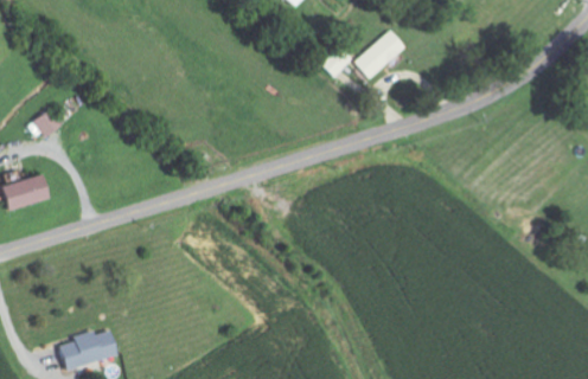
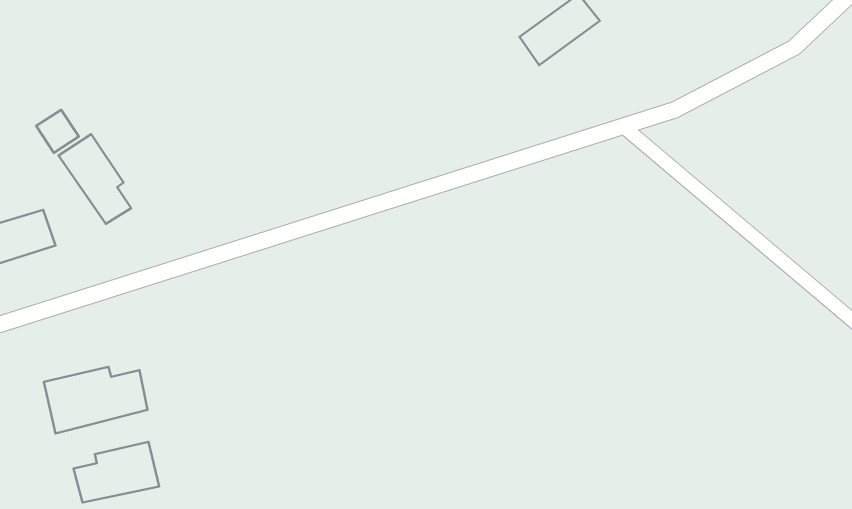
building: none -> [58,134,131,224]
building: none -> [44,367,147,433]

